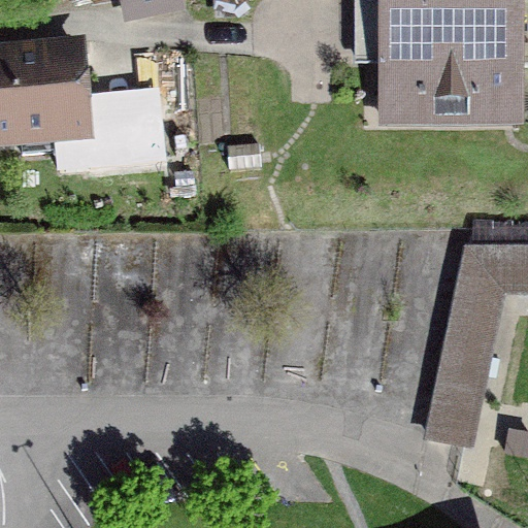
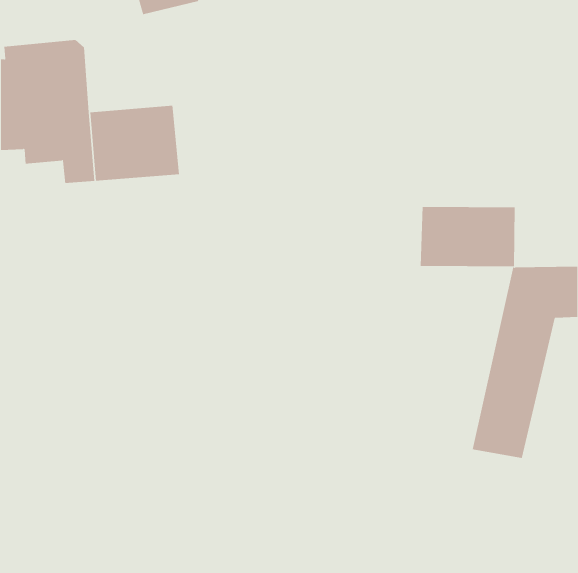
building: [382,8,521,111] -> none
building: none -> [420,206,515,267]

